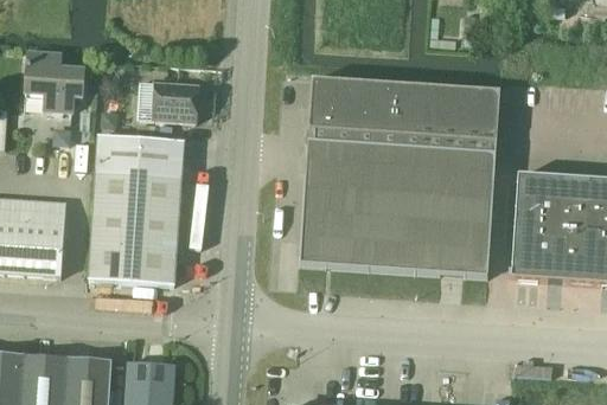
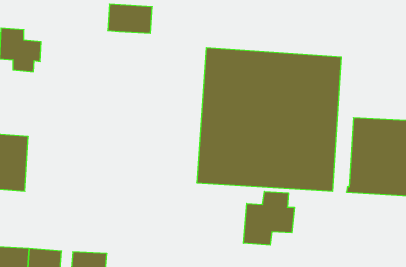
building: [136,81,198,121] -> [108,4,152,33]
building: [89,134,184,283] -> none
building: none -> [243,191,294,245]

